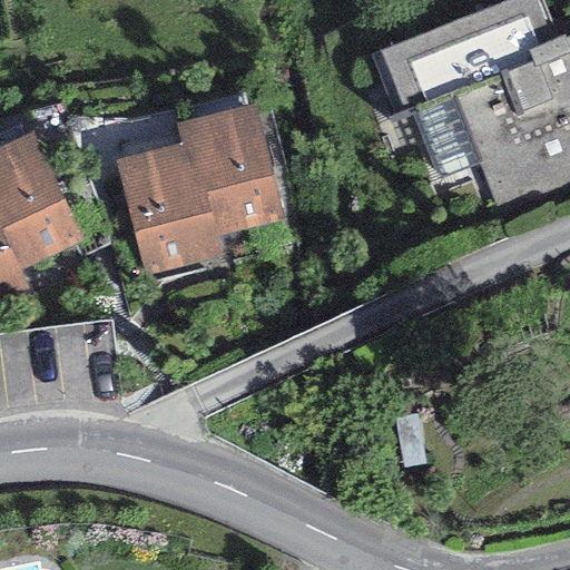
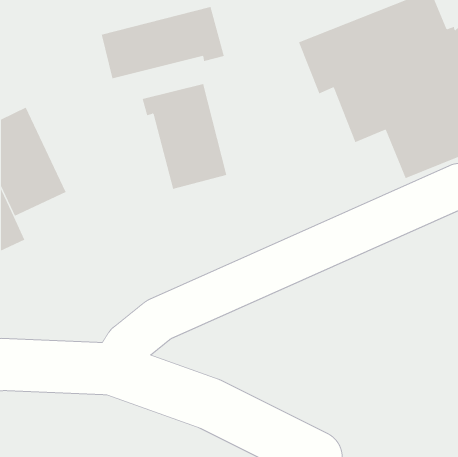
building: none -> [101,6,224,79]
building: [117,141,219,273] -> none

